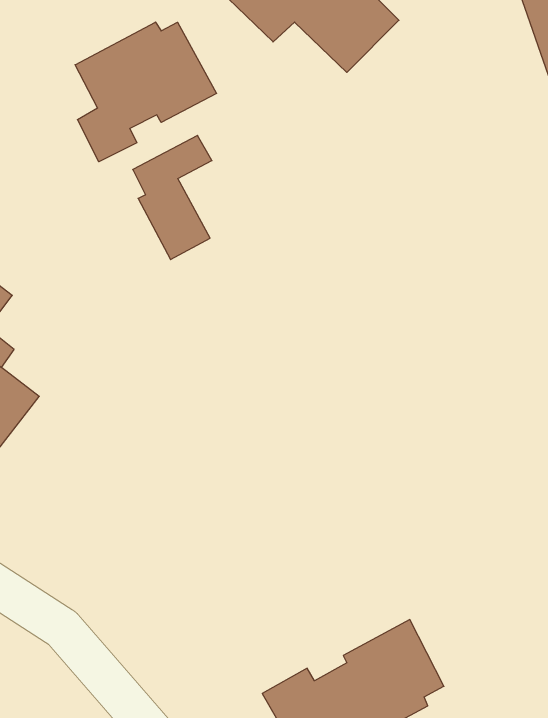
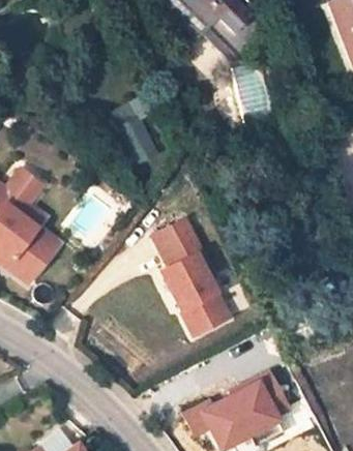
building: [75,22,217,162] -> none
building: none -> [153,218,228,335]

